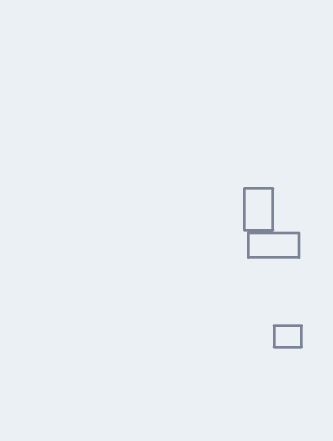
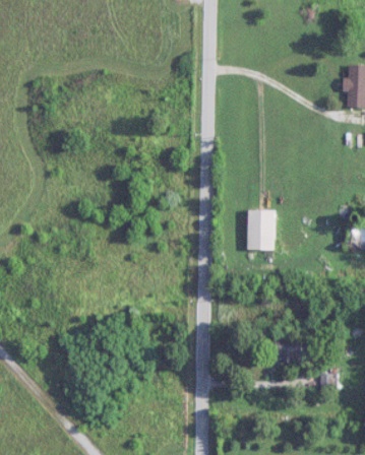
building: [248,233,299,258] -> none

